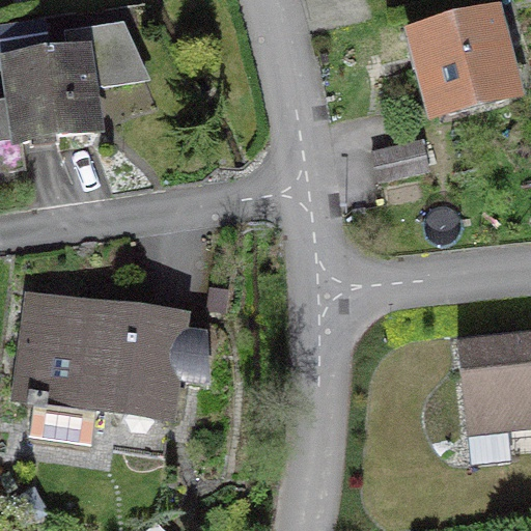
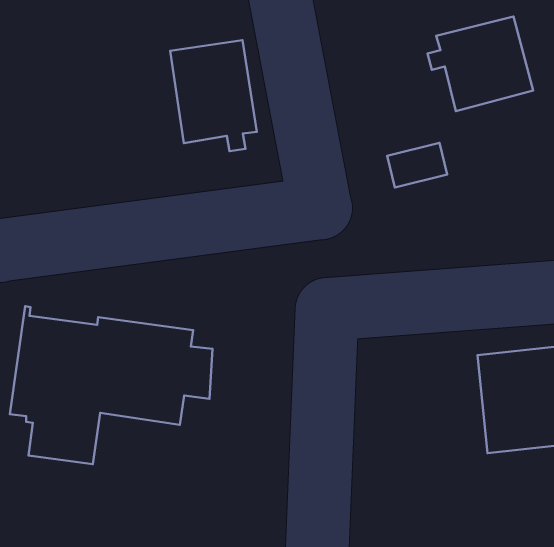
building: [9,23,144,136] -> none
building: none -> [170,40,257,151]

